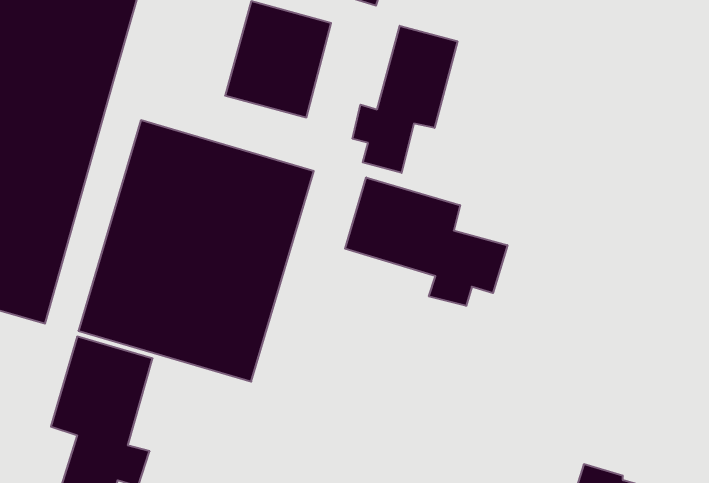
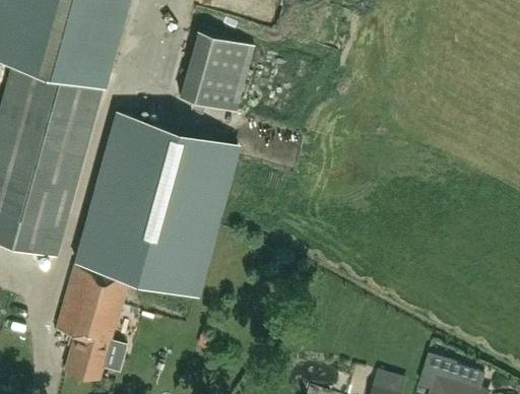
building: [353,26,457,173] -> none
building: [345,177,507,306] -> none

